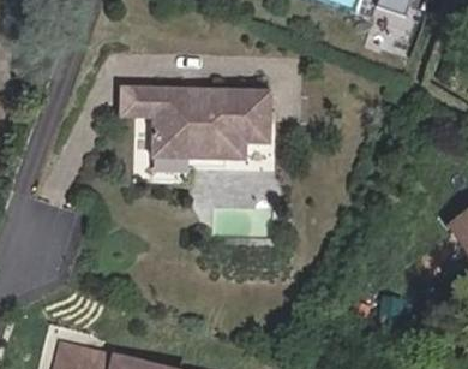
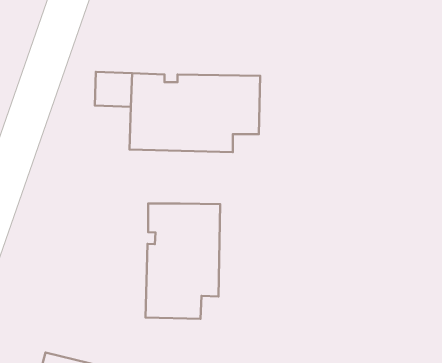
building: none -> [145,203,220,319]

